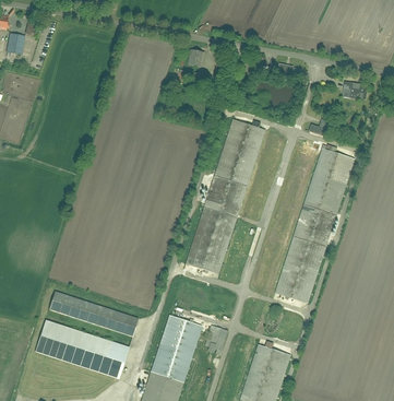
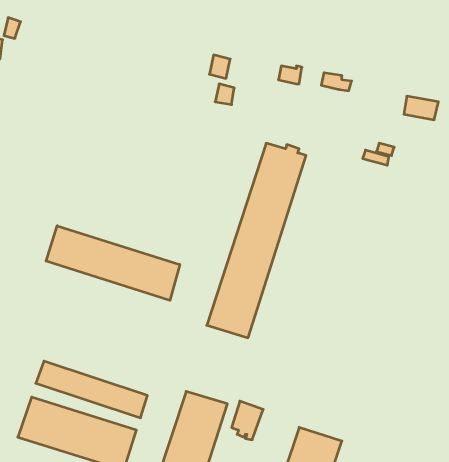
building: [274,144,355,303] -> none
building: none -> [46,226,180,300]

